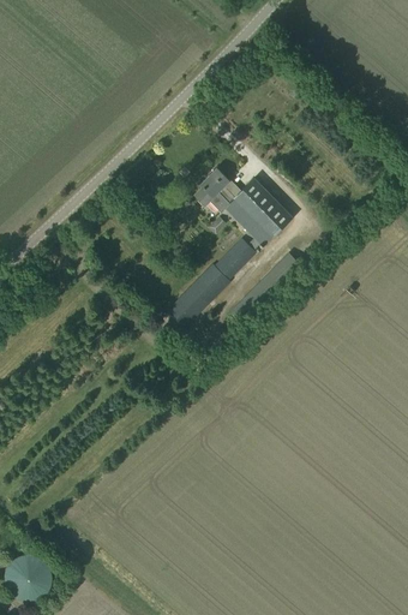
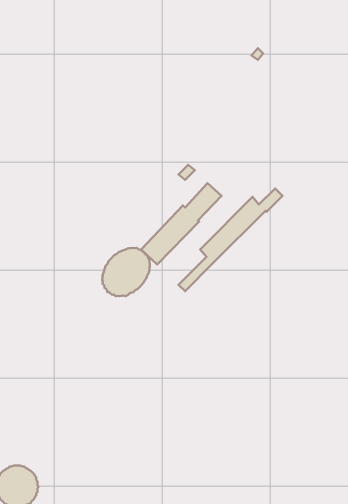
building: [194,167,293,247] -> none
building: none -> [102,248,150,296]

